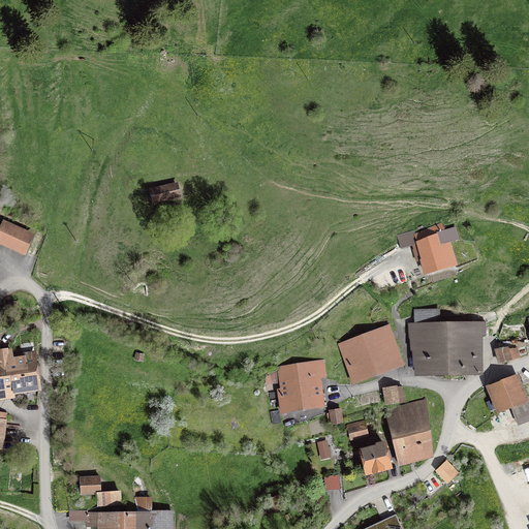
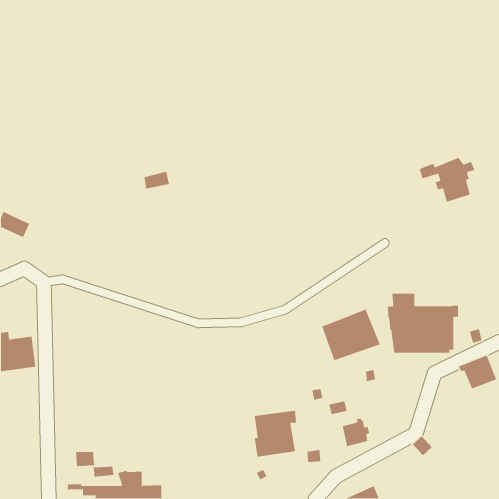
building: [398,224,458,273] -> [419,157,476,203]
building: [279,362,324,412] -> [254,410,297,458]
building: [385,401,432,465] -> none

